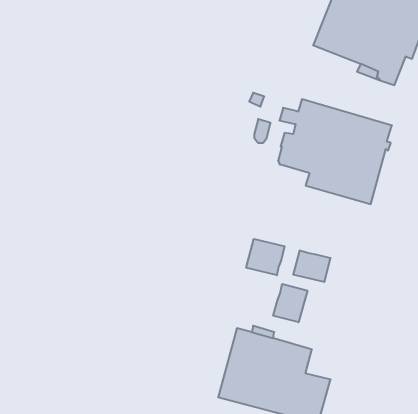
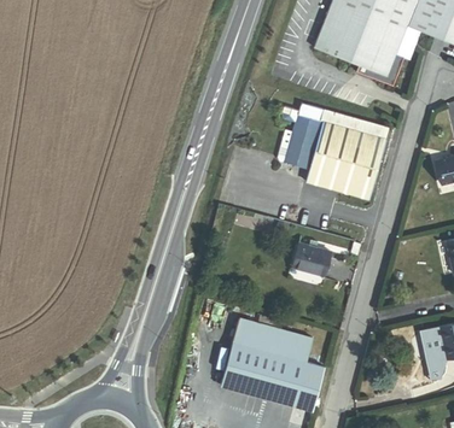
building: [246,239,285,275] -> none
building: [273,284,307,322] -> none

